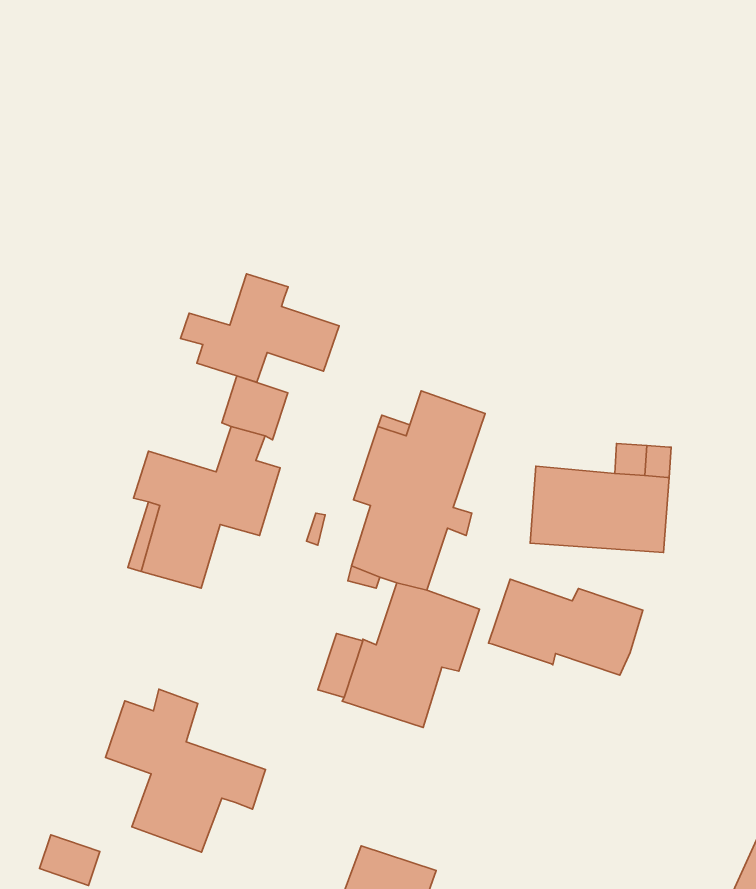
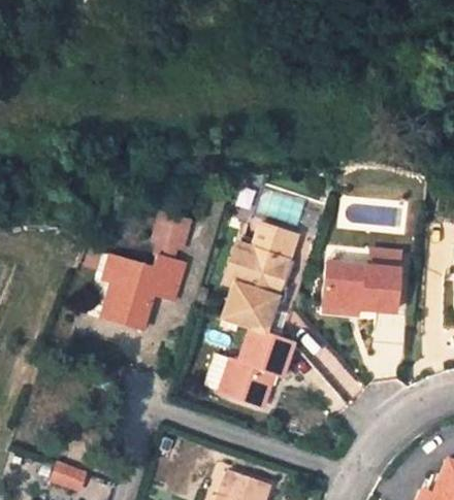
building: [180,274,339,382] -> none
building: [488,579,643,675] -> none
building: [105,689,265,852] -> none

